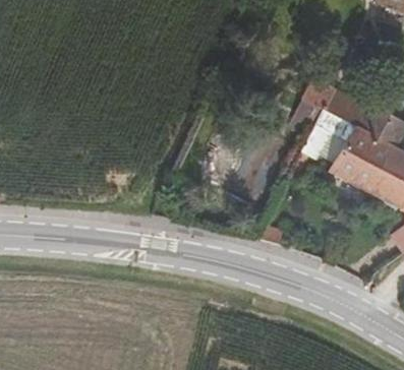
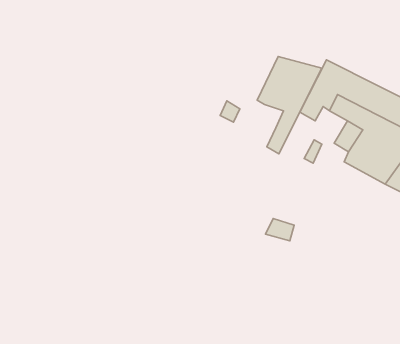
building: none -> [257,56,322,154]

